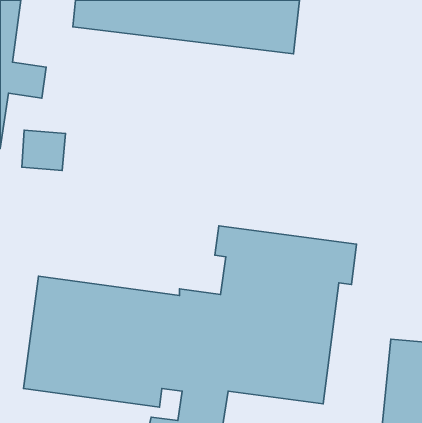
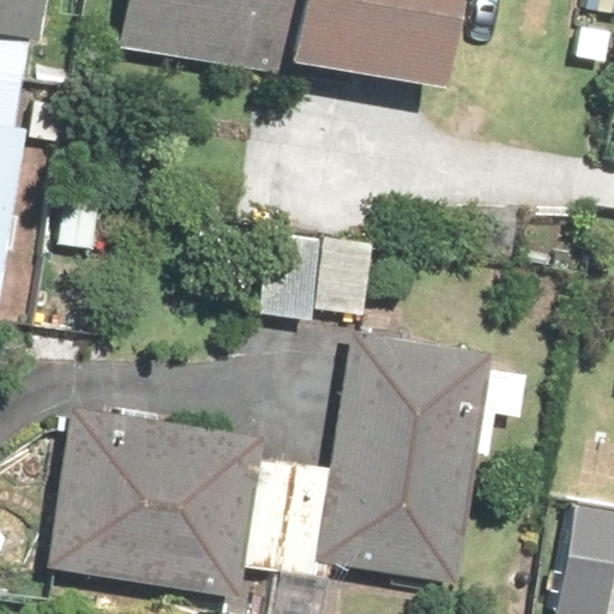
building: none -> [252,228,374,320]

